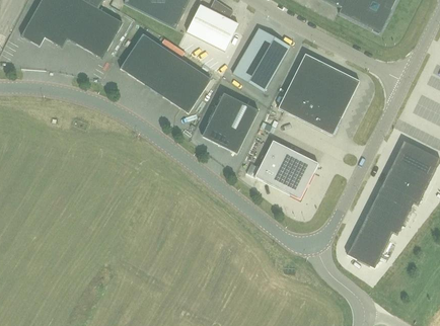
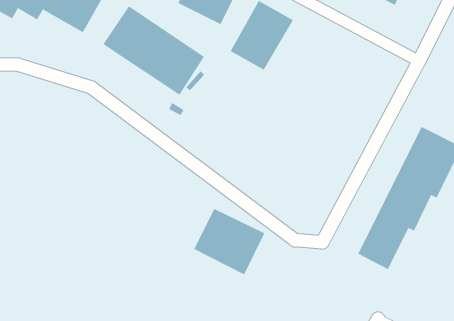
building: [278,53,360,135] -> none
building: [202,93,259,154] -> none
building: [251,134,315,193] -> [193,208,265,275]

